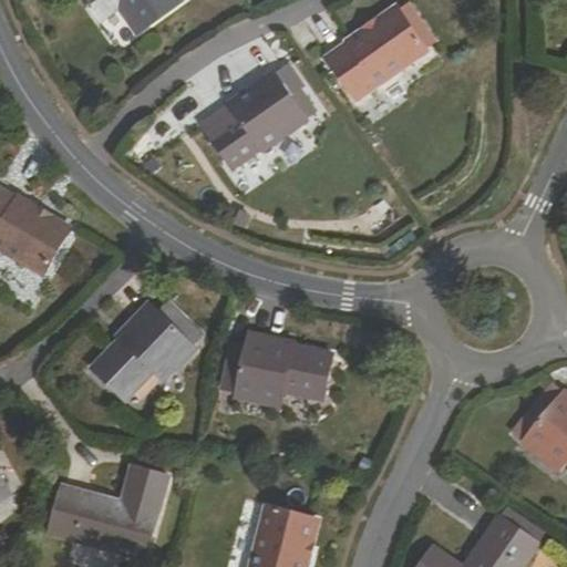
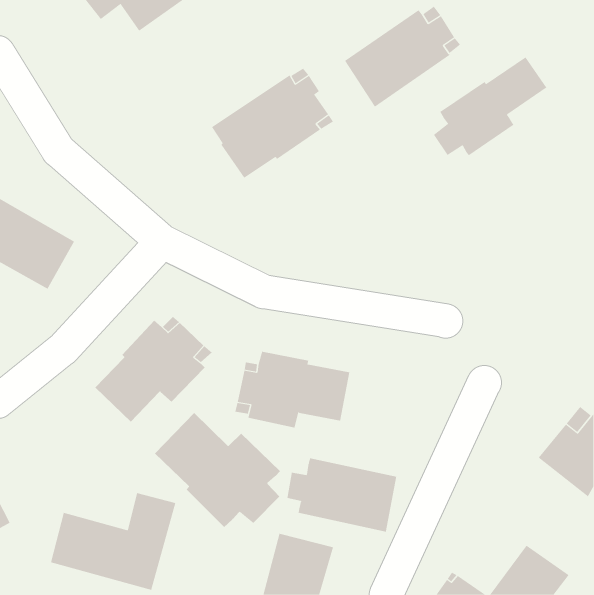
building: none -> [433,56,547,156]
building: none -> [154,412,281,528]
building: none -> [287,457,397,533]

